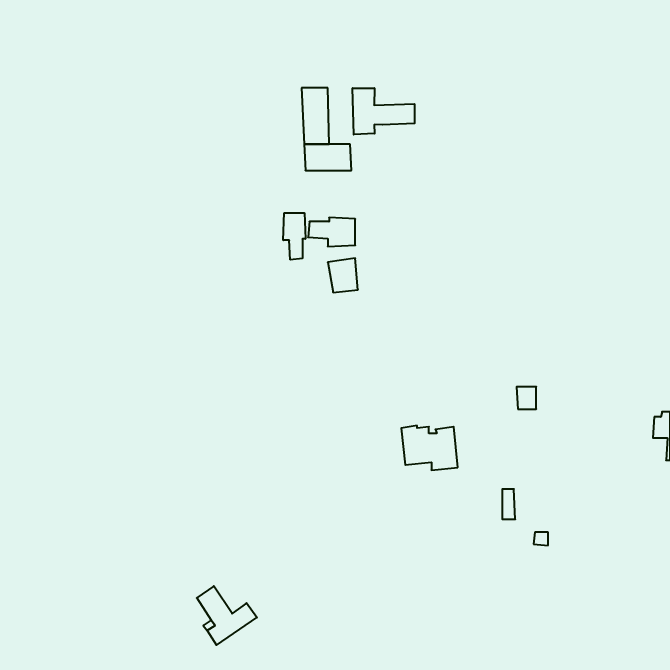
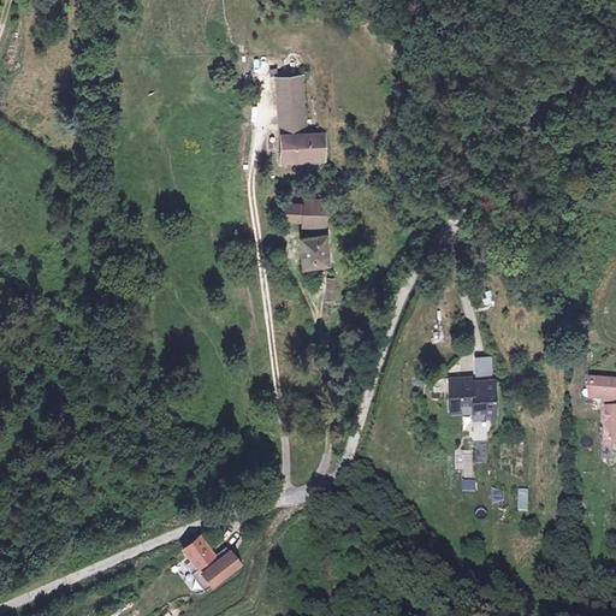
building: [353,88,415,135] -> none
building: [283,213,305,260] -> none
building: [401,426,458,470] -> [450,377,502,417]

